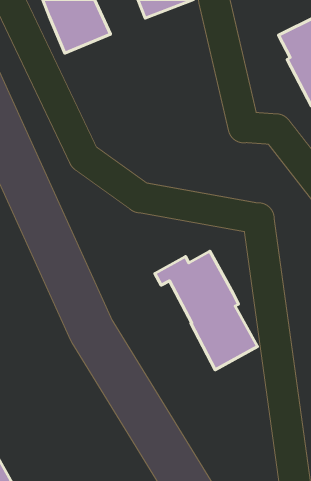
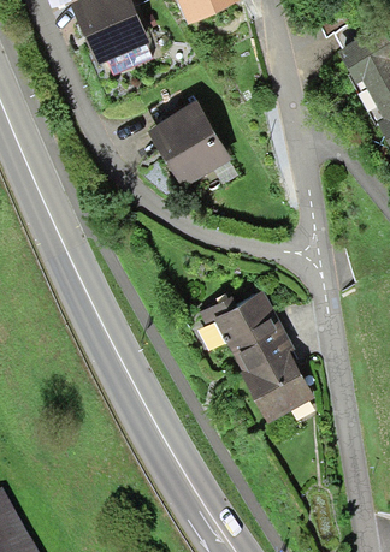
building: none -> [148,101,232,190]

